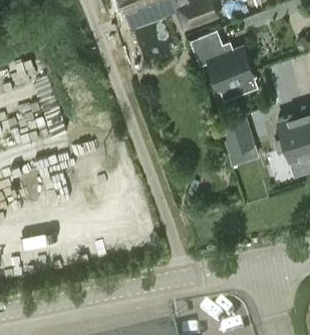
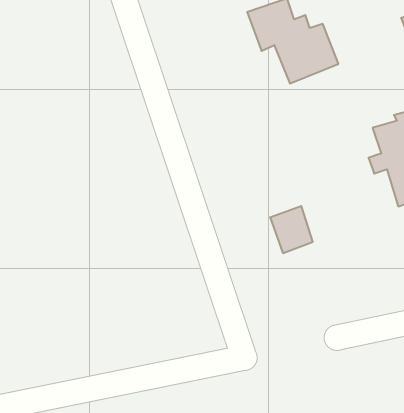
building: [222,119,252,152] -> [270,206,313,253]

